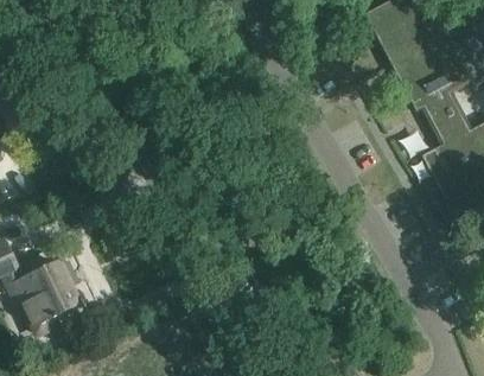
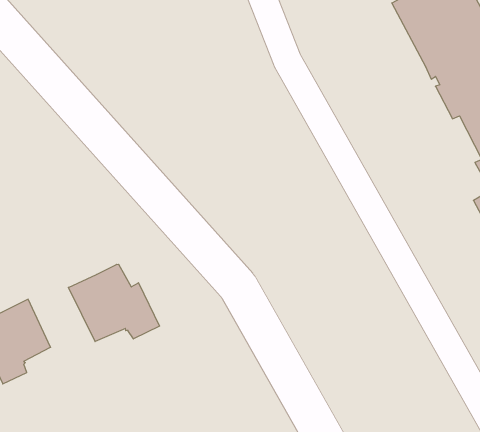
building: none -> [68,264,159,342]

